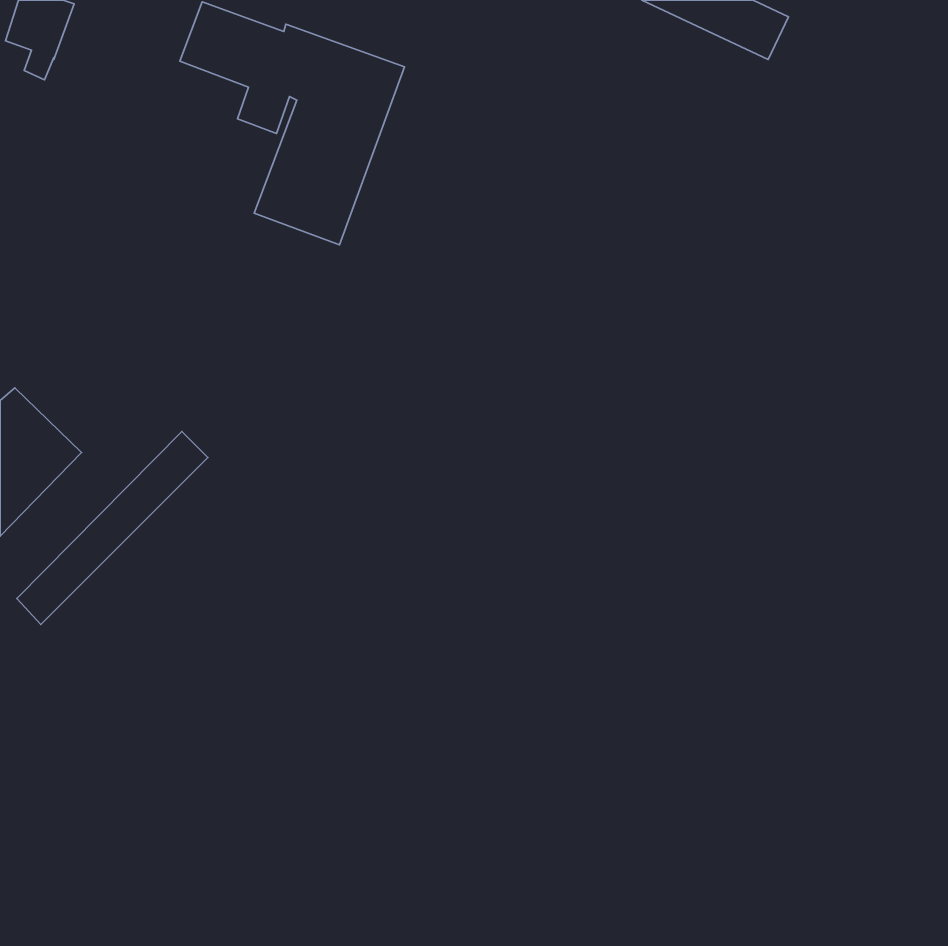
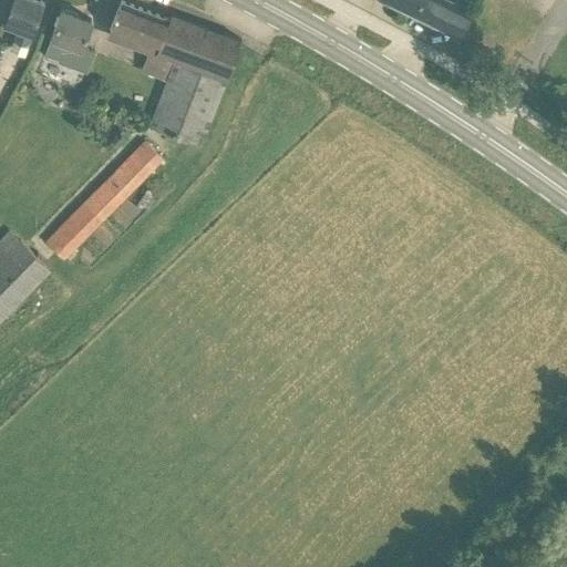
building: none -> [44,10,94,73]
building: [17,431,208,624] -> [45,142,159,257]

